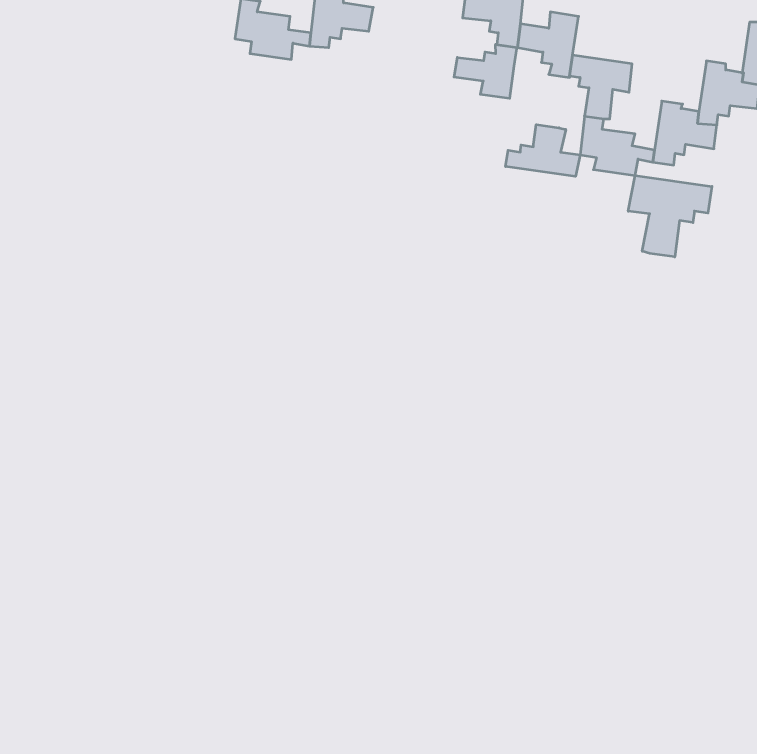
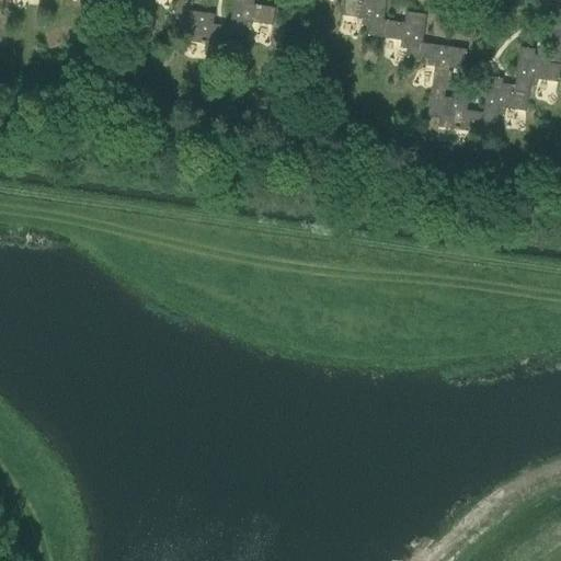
building: [454,44,517,98] -> none
building: [506,125,580,176] -> none
building: [628,175,712,257] -> none

